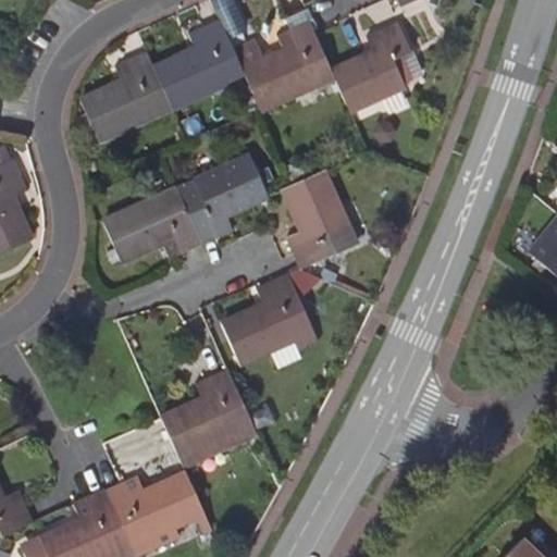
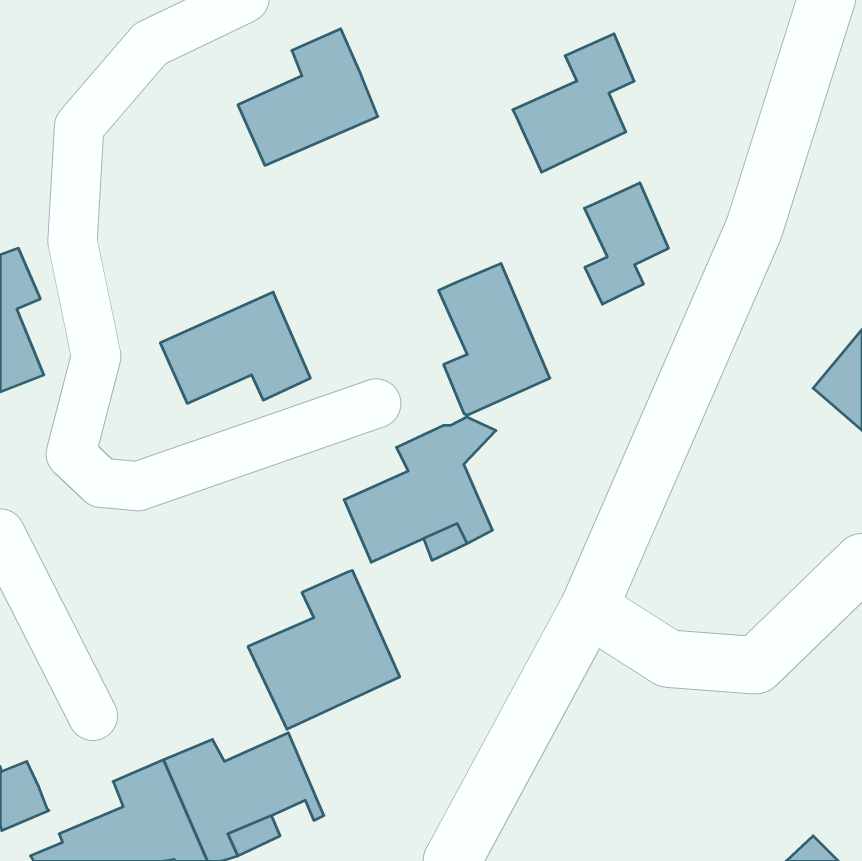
building: [233,7,333,108] -> none
building: [81,51,171,139] -> none
building: none -> [584,183,668,304]
building: [176,156,268,244] -> none

